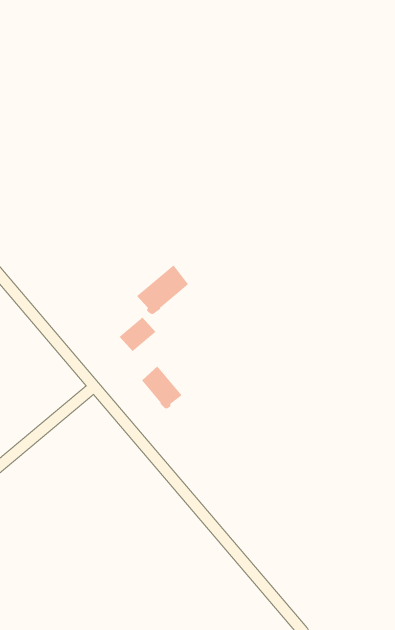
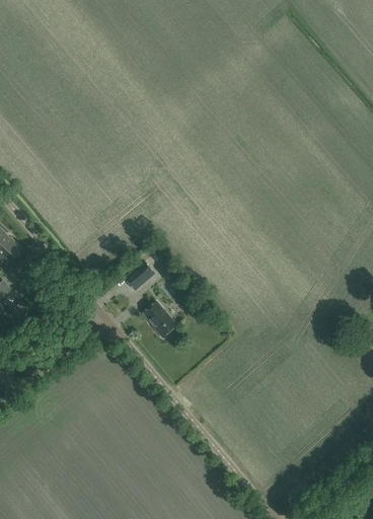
building: [136,264,189,315] -> none

